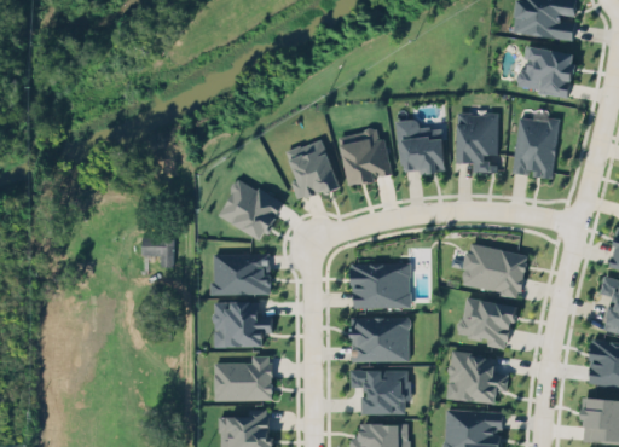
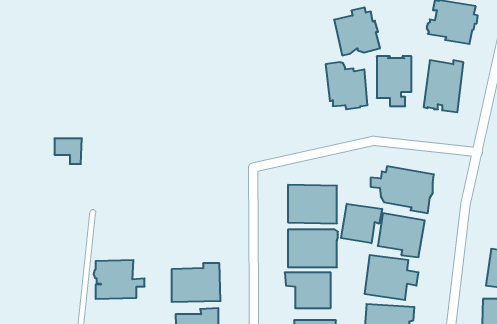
building: [337,124,392,181] -> [334,7,380,55]
building: [285,140,339,203] -> none
building: [216,176,280,237] -> none
building: [141,238,174,268] -> [54,138,82,164]
building: [212,255,270,297] -> none
building: none -> [341,204,382,243]
building: [212,302,272,348] -> [94,260,145,299]

